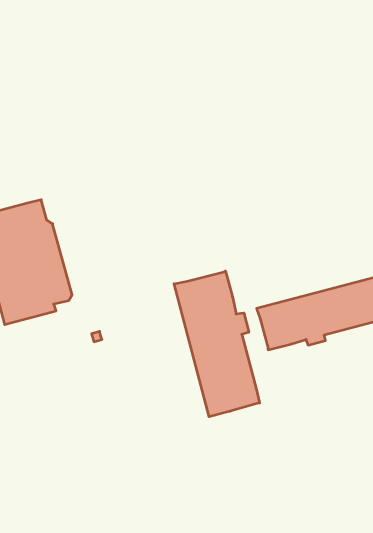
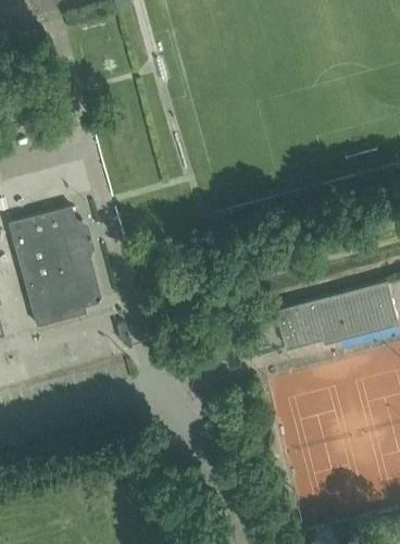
building: [174,271,260,417] -> none

